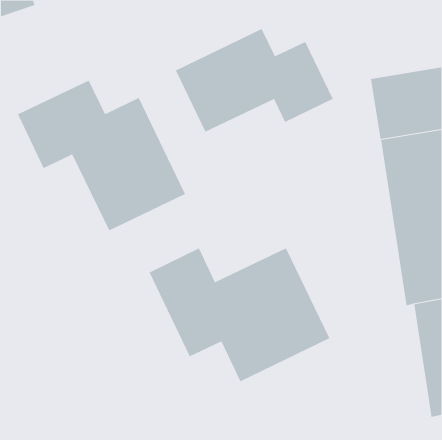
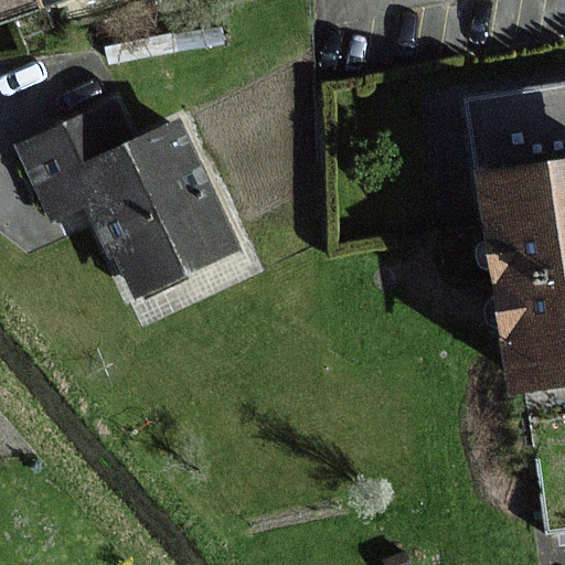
building: [175,28,333,132] -> none
building: [149,248,330,382] -> none

